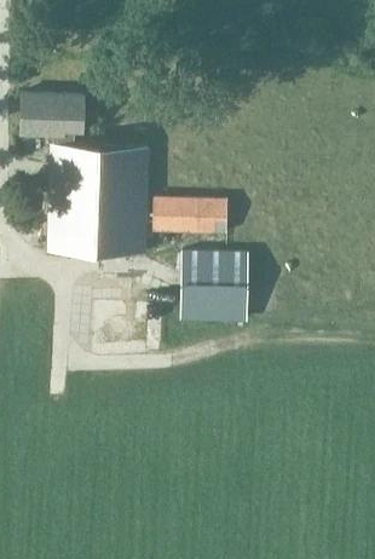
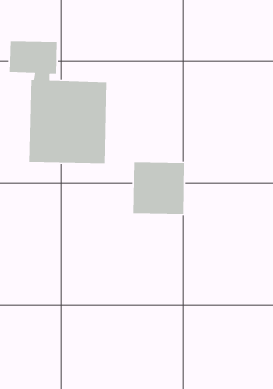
building: [154,197,227,234] -> none

